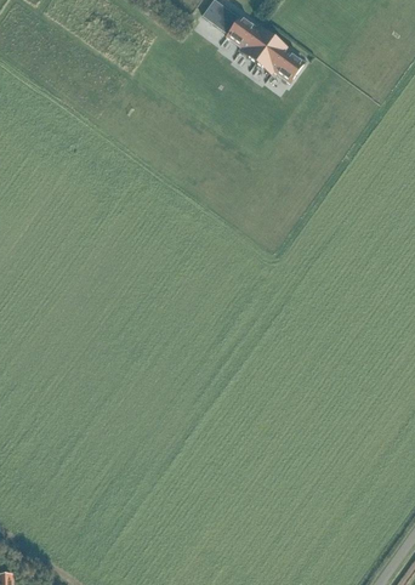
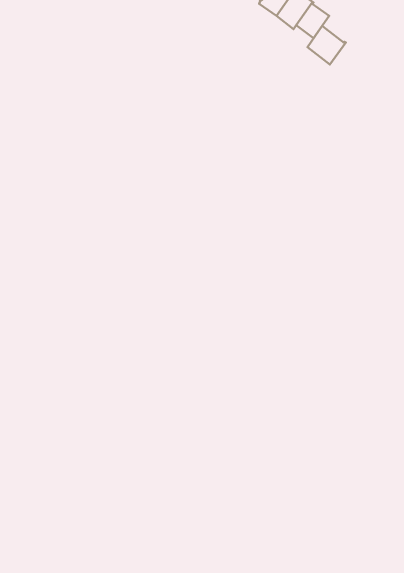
building: none -> [307,26,346,65]

